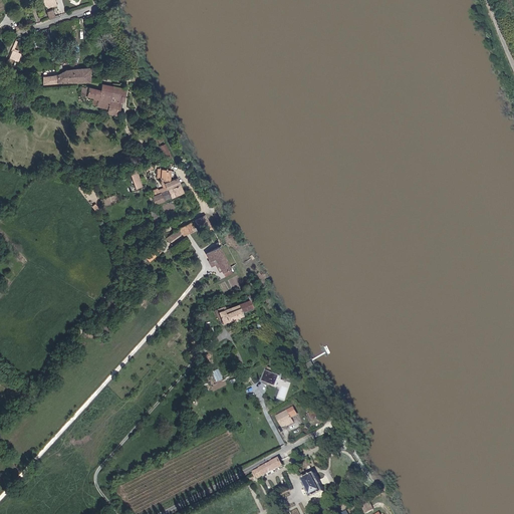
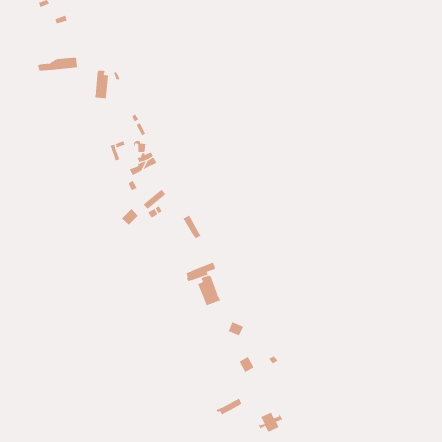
building: [86,82,112,107] -> none
building: none -> [198,275,221,306]

